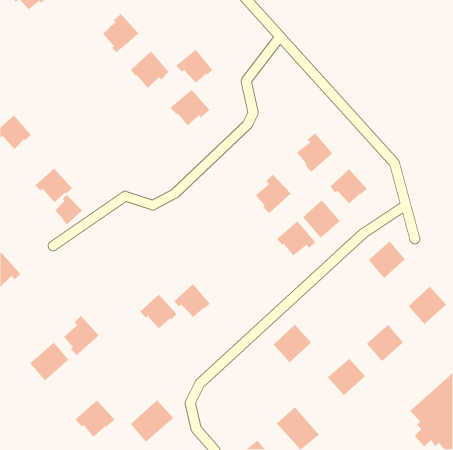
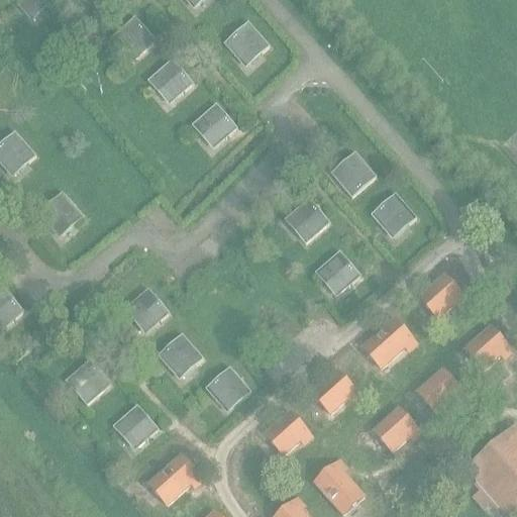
building: [175,49,213,83] -> [226,21,270,61]
building: [54,194,83,225] -> none
building: [302,200,341,239] -> none
building: none -> [125,290,169,329]
building: none -> [361,318,412,368]
building: [174,283,211,318] -> [209,369,251,408]
building: [29,342,69,382] -> none
building: none -> [264,411,307,454]
building: [75,400,115,438] -> [113,404,160,447]

